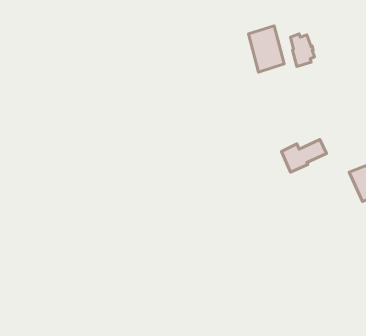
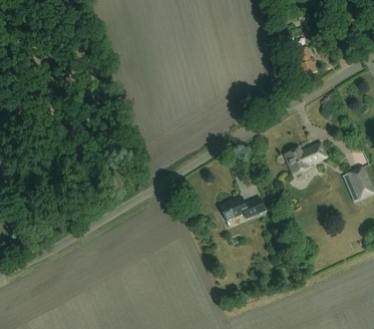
building: [248,26,284,72] -> none
building: none -> [219,196,264,221]

